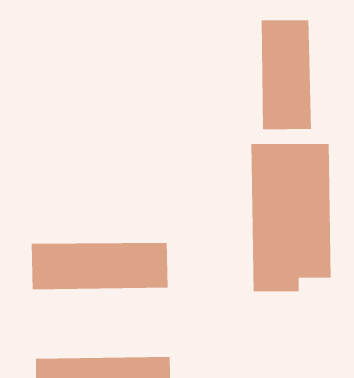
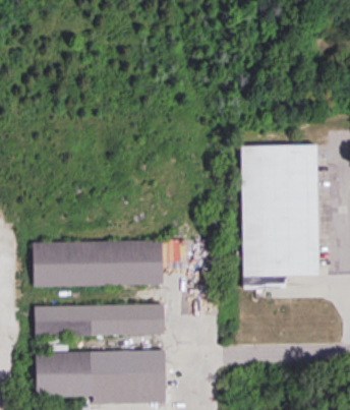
building: [261,19,312,130] -> none
building: none -> [34,303,164,336]

